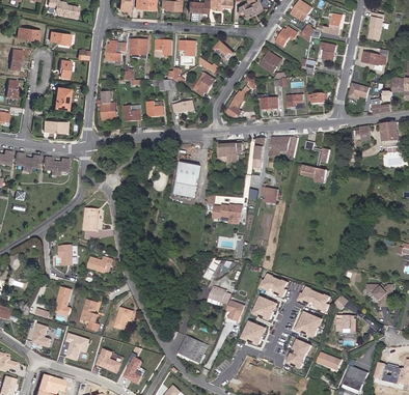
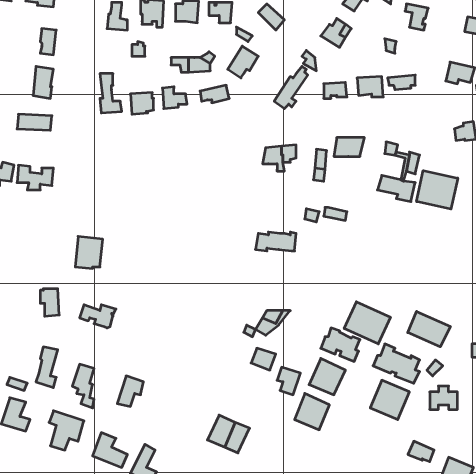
building: none -> [417,171,458,209]
building: [174,162,200,197] -> none
building: none -> [344,302,390,344]
building: none -> [408,311,450,347]
building: [287,338,311,369] -> none

